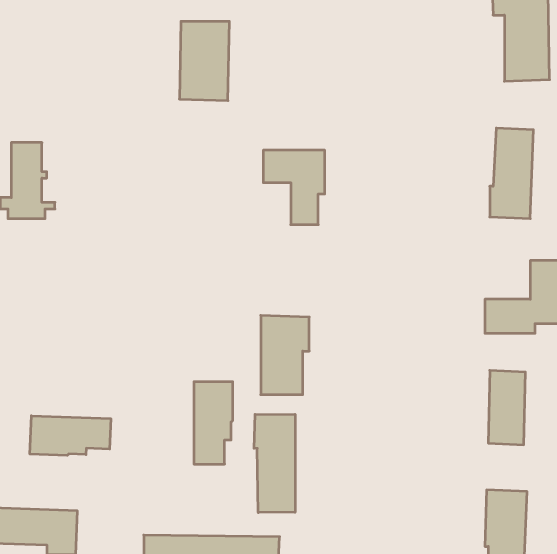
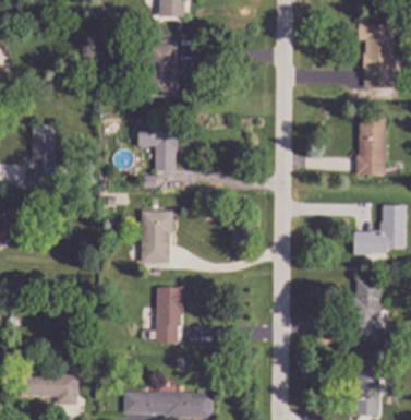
building: [263,150,325,225] -> [138,123,180,173]
building: [261,315,309,395] -> [141,209,173,263]
building: [254,414,295,513] -> none
building: [30,416,111,455] -> none

